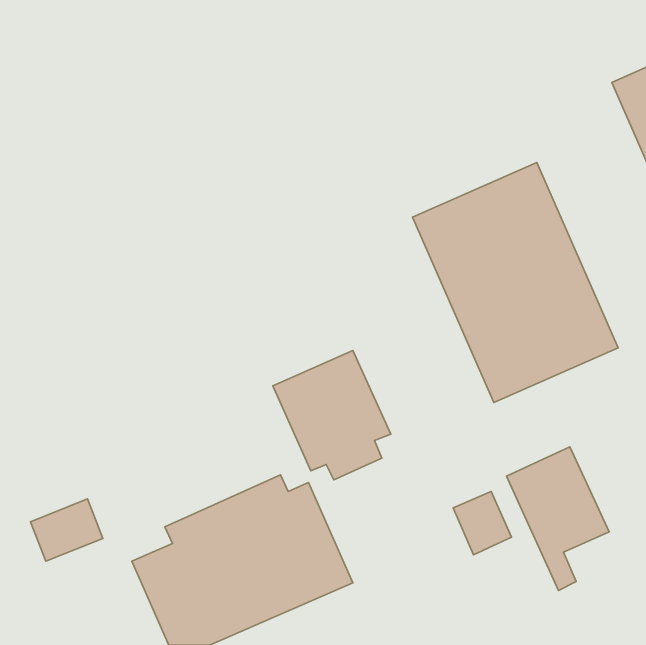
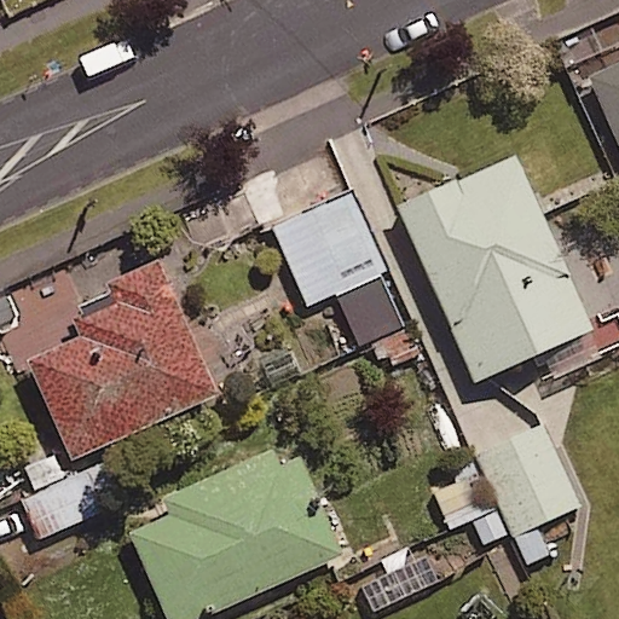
building: none -> [28,260,215,458]
building: [273,350,391,480] -> [277,193,389,317]

